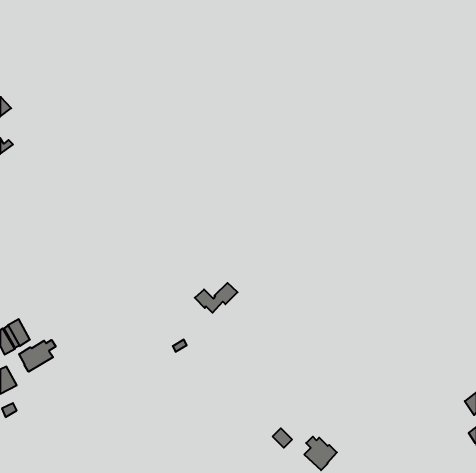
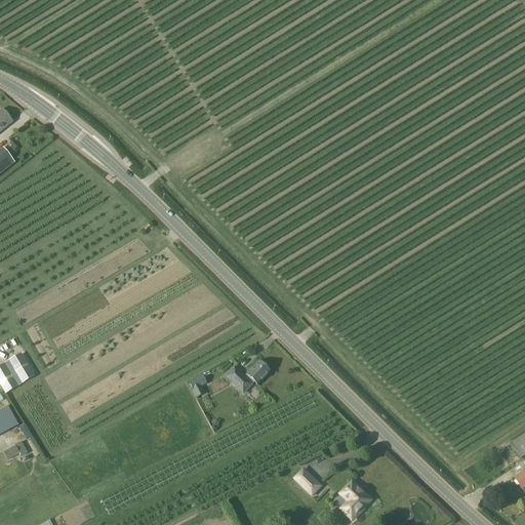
building: [195,283,238,313] -> [224,359,271,392]
building: [19,340,56,372] -> none

